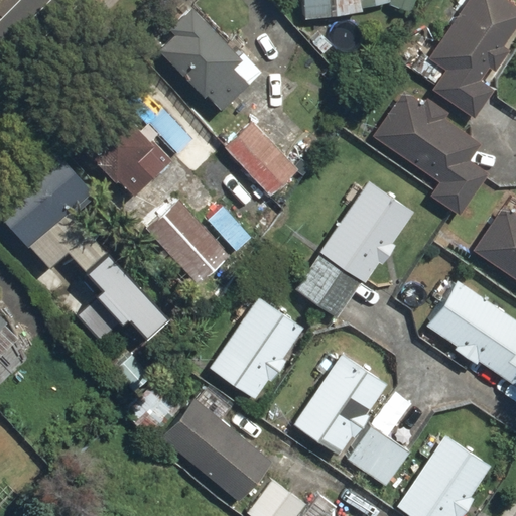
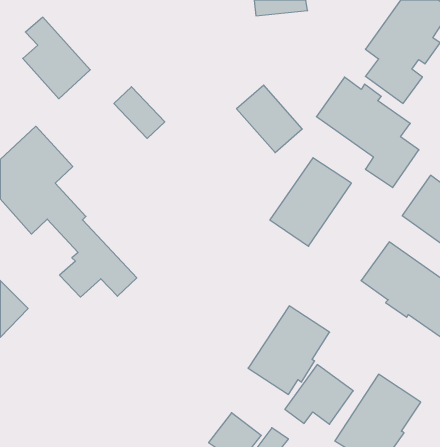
building: [157,7,263,113] -> none
building: [90,105,167,199] -> [23,17,90,99]
building: [226,121,301,199] -> [237,85,302,153]
building: [145,199,231,286] -> none
building: [294,254,364,321] -> none
building: [210,295,305,400] -> none
building: [157,382,267,505] -> none

